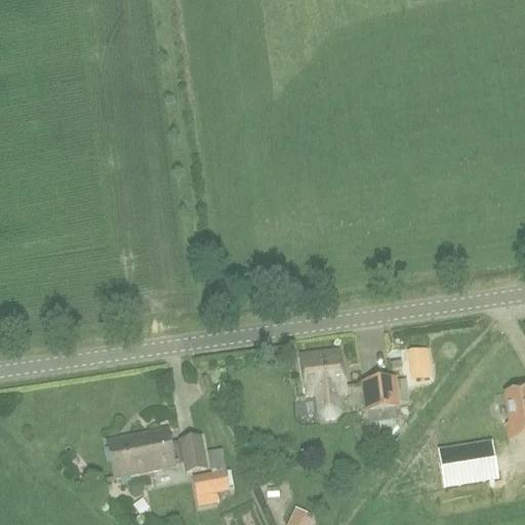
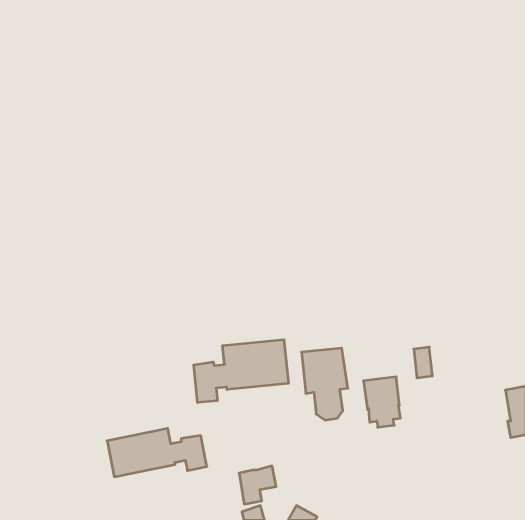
building: none -> [194,340,288,403]
building: [439,439,497,485] -> none
building: [194,467,231,504] -> [239,466,276,504]

